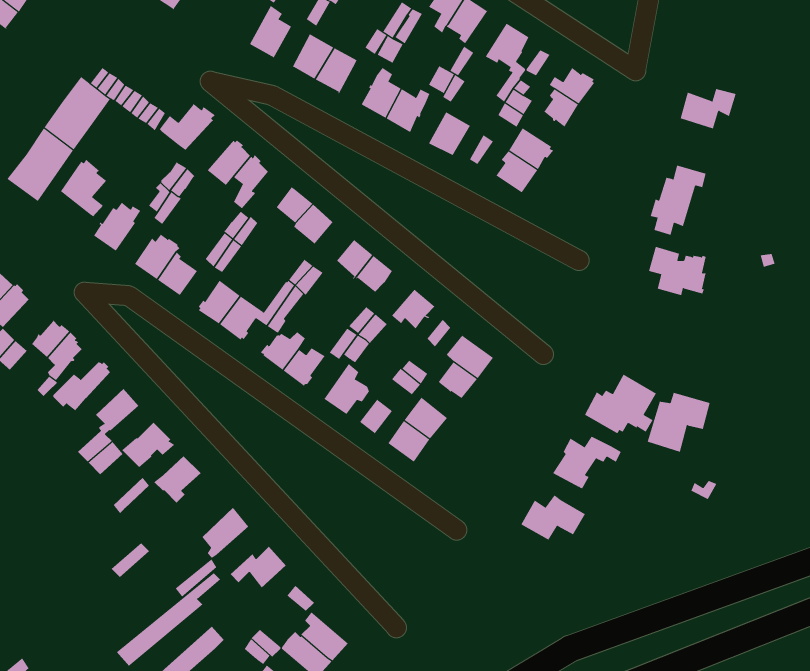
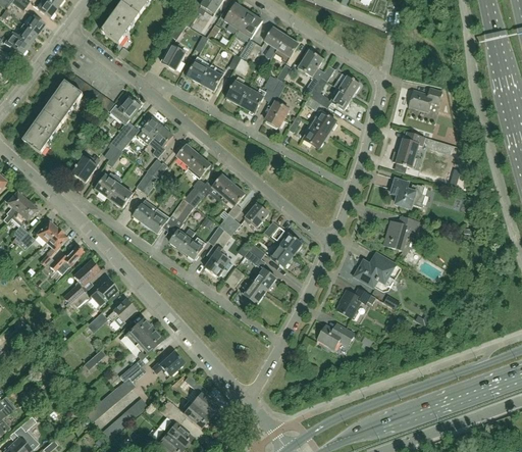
building: [60,159,108,217] -> none
building: [647,392,711,452] -> [384,215,421,250]
building: none -> [124,318,153,346]

